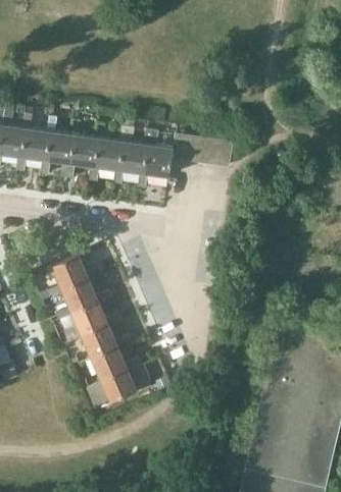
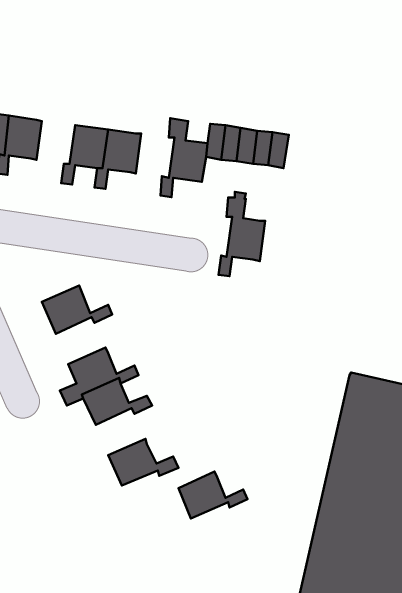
building: [41,117,76,175] -> none
building: [114,123,149,185] -> [218,192,265,276]
building: [61,277,113,312] -> none
building: [91,344,142,379] -> [178,472,247,519]

